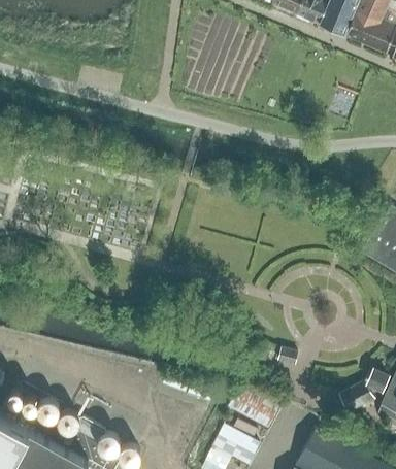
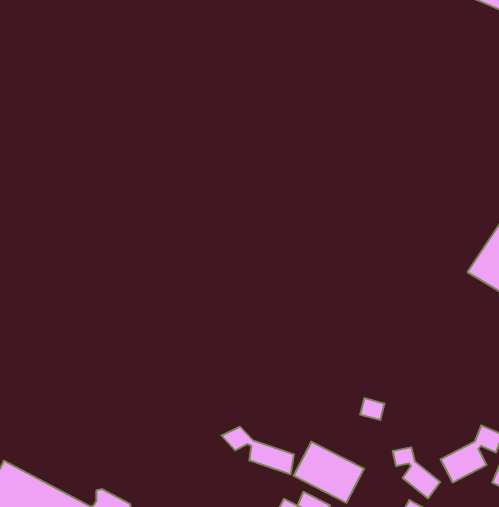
building: none -> [221,427,294,474]
building: none -> [393,447,440,498]

